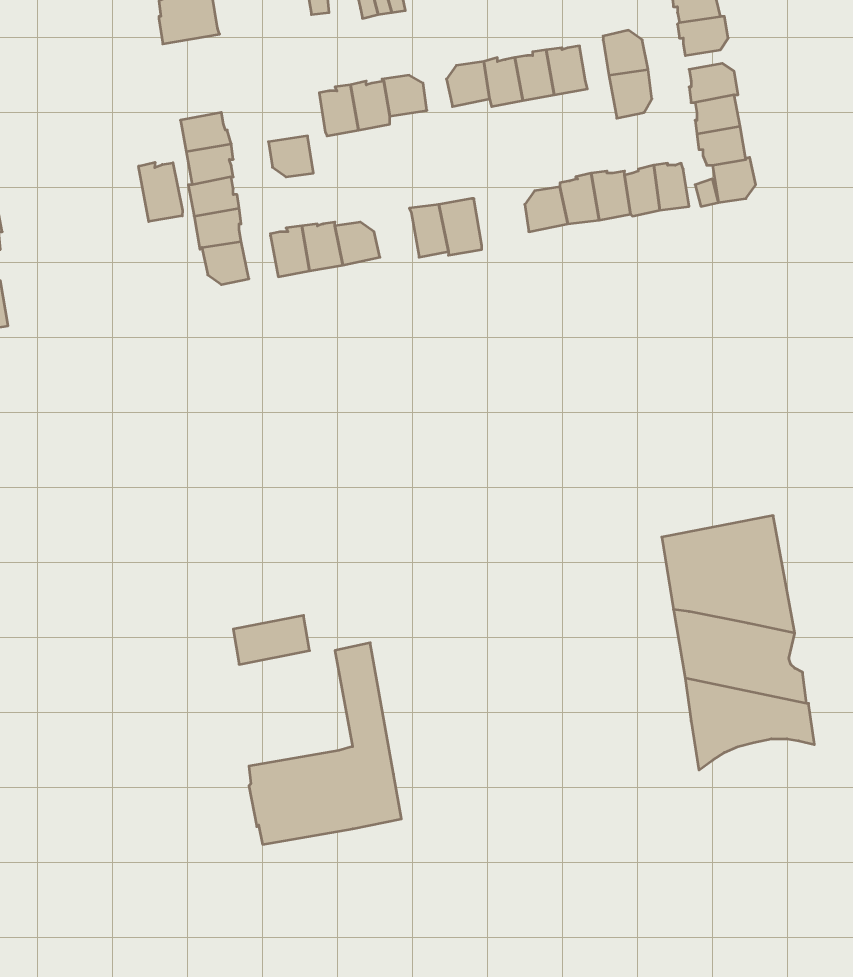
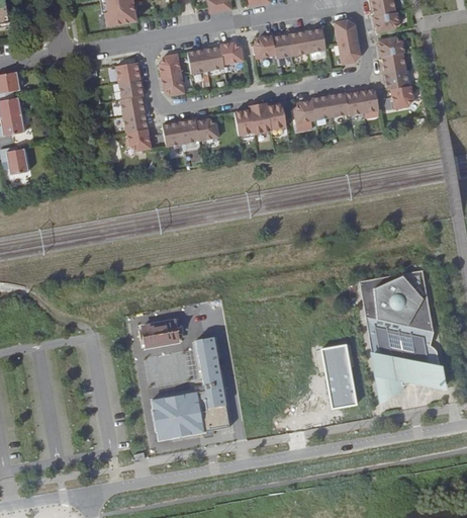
building: none -> [160,54,182,77]
building: [139,162,183,222] -> none
building: none -> [268,103,287,131]
building: none -> [323,346,356,408]

